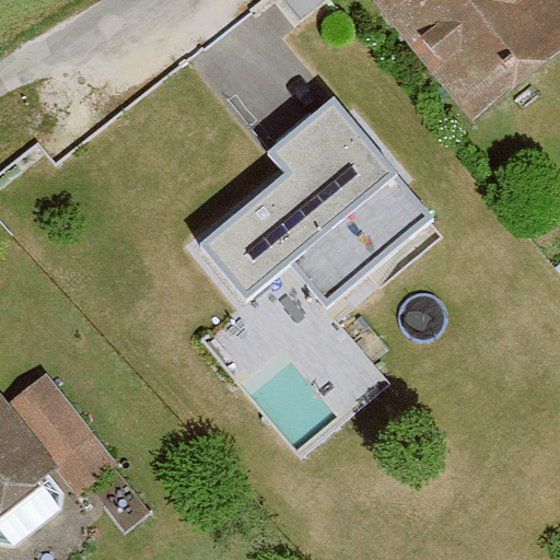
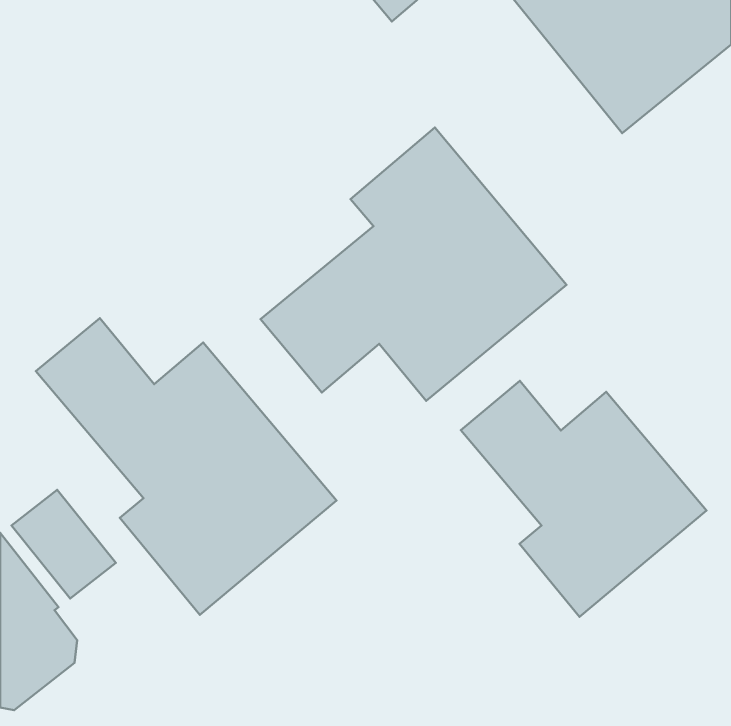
building: none -> [36,318,336,615]
building: none -> [461,381,707,617]

